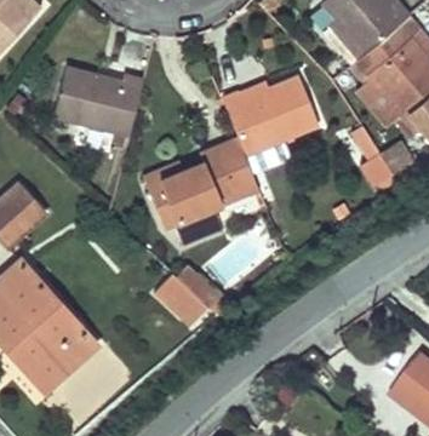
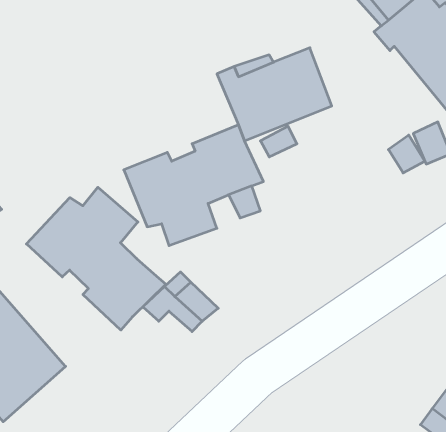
building: [55,67,141,134] -> none
building: none -> [26,187,166,330]

